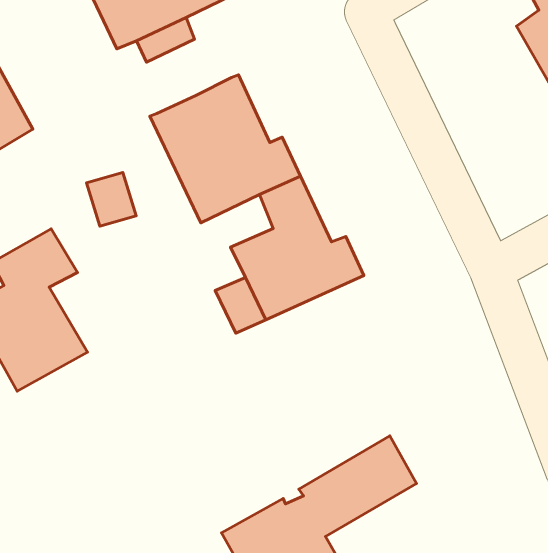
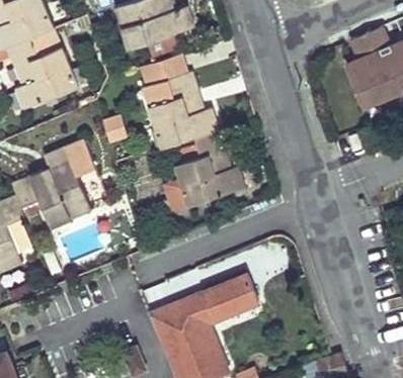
building: none -> [140,55,188,88]

